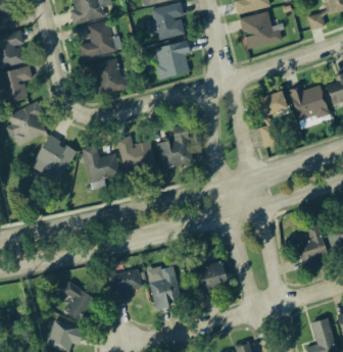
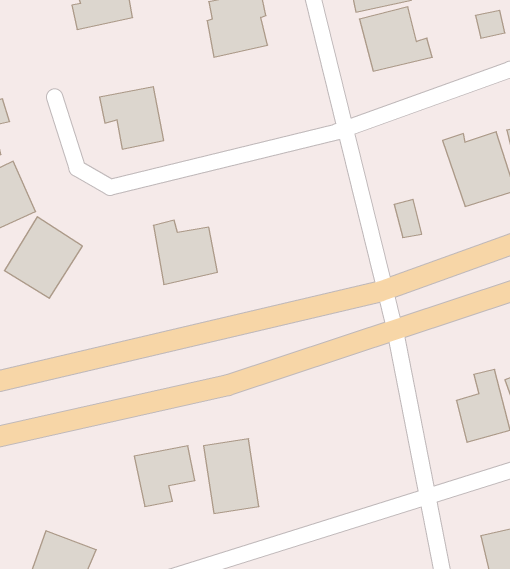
building: [79,20,114,58] -> none
building: [155,41,190,80] -> none
building: [256,90,287,116] -> none
building: [157,124,192,167] -> none
building: [81,145,120,183] -> none
building: [196,261,229,295] -> none
building: [62,282,96,323] -> none

